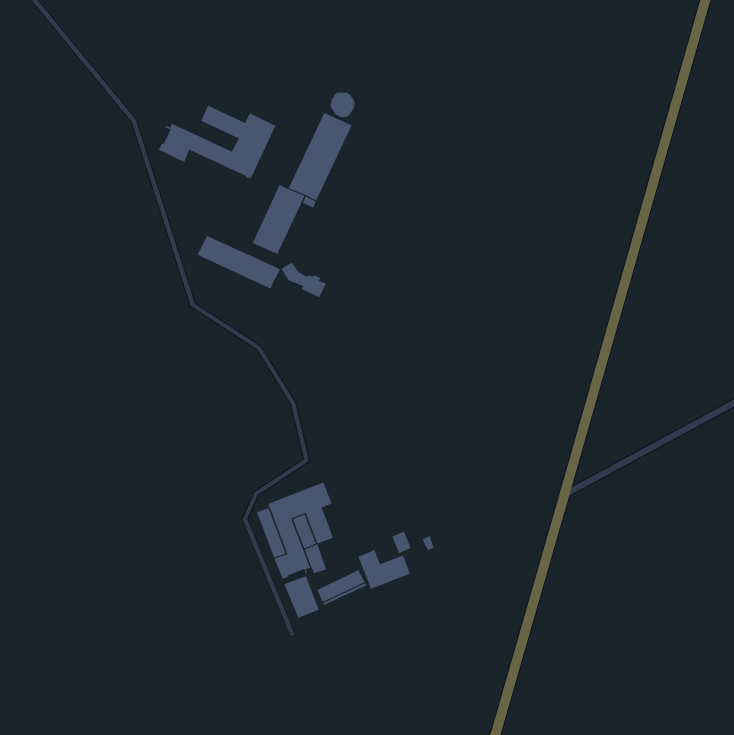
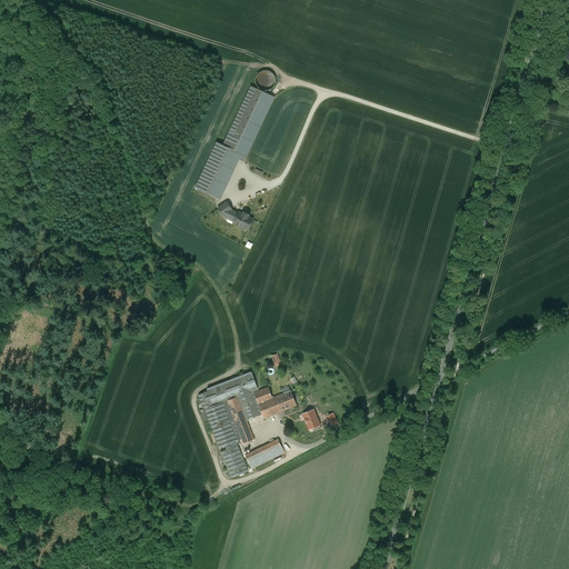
building: [158,105,276,179] -> none
building: [197,235,281,289] -> none
building: [358,549,411,590] -> [253,387,295,418]

